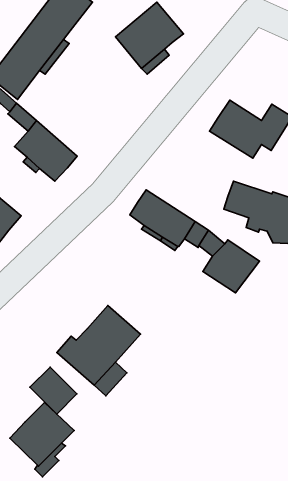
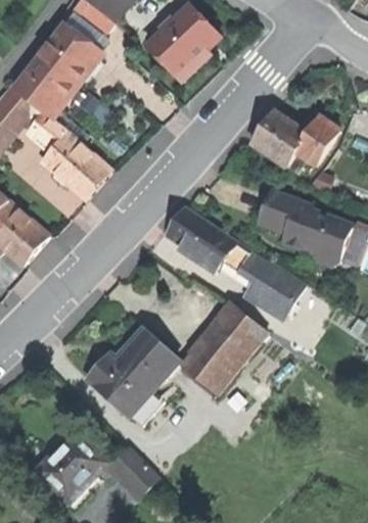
building: none -> [178,302,265,395]
building: [30,367,77,414] -> [107,444,157,494]

